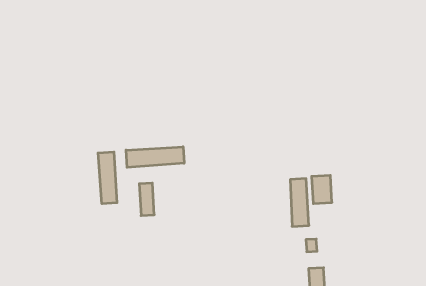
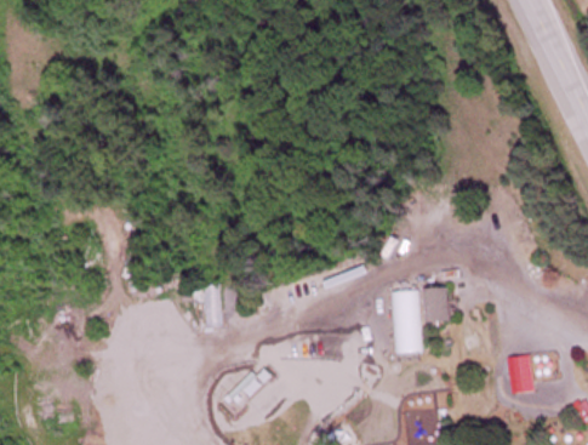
building: [126,147,184,167] -> none
building: [98,152,117,204] -> none

